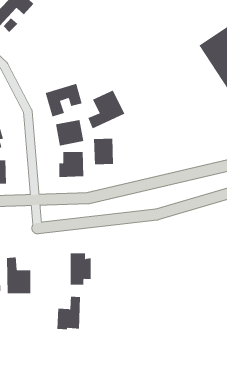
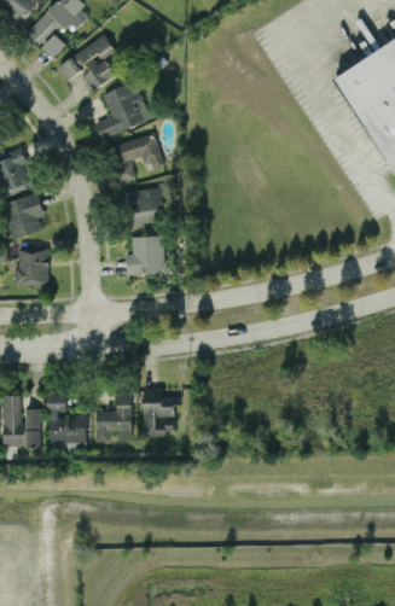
building: none -> [58,36,116,92]
building: [87,90,125,129] -> [95,82,152,141]
building: [94,138,114,165] -> none
building: [57,296,81,330] -> [95,392,132,443]

